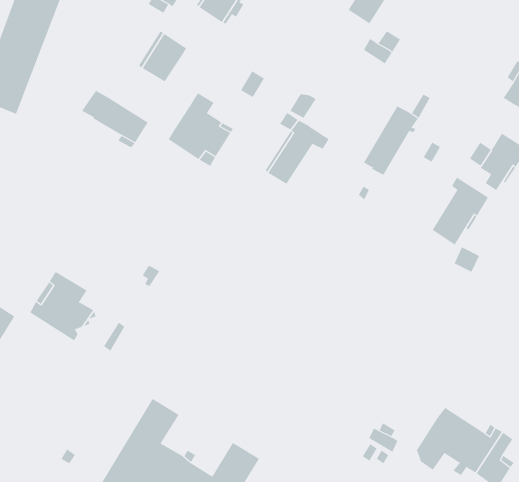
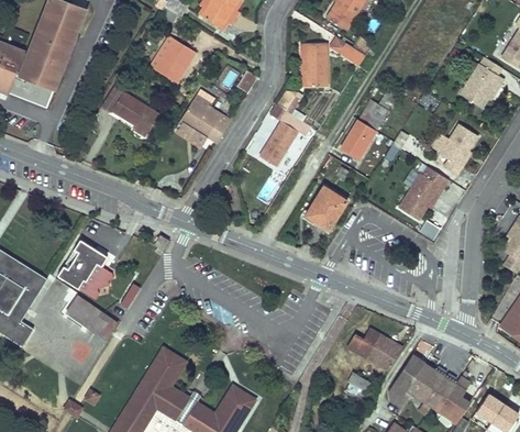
building: none -> [306,44,328,87]
building: none -> [306,187,346,230]
building: none -> [67,297,117,340]
building: none -> [347,325,402,372]

